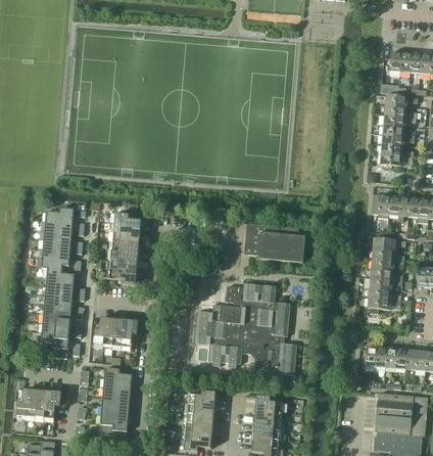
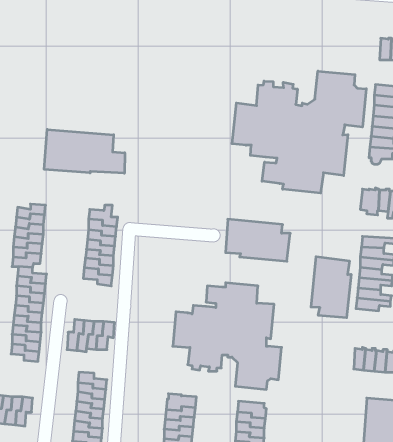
building: none -> [232,71,366,193]
building: none -> [44,129,125,173]
building: none -> [311,257,351,318]

